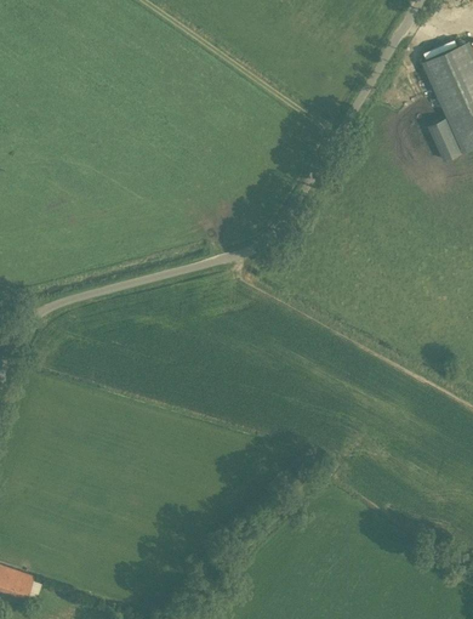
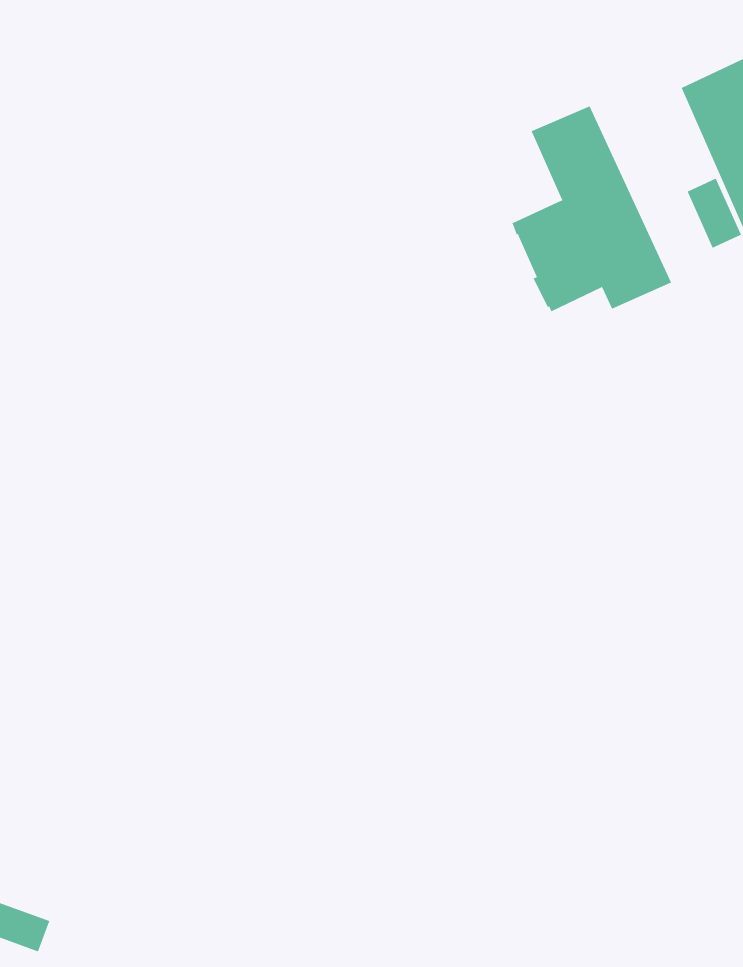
building: none -> [512,106,672,312]

